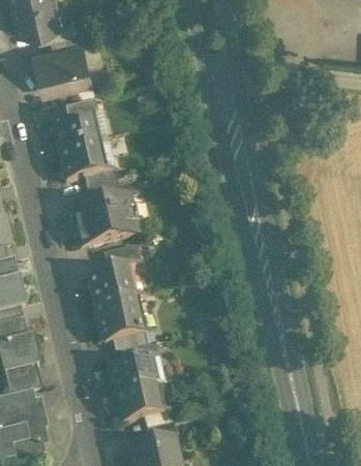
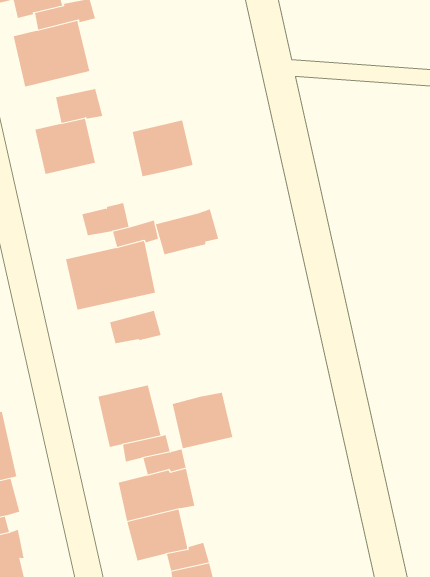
building: [58,141,101,181] -> [132,120,193,177]
building: none -> [155,209,219,255]
building: [88,266,131,306] -> [172,392,233,449]

